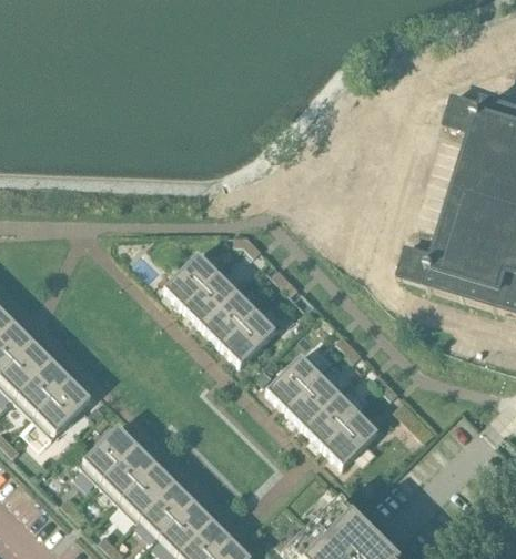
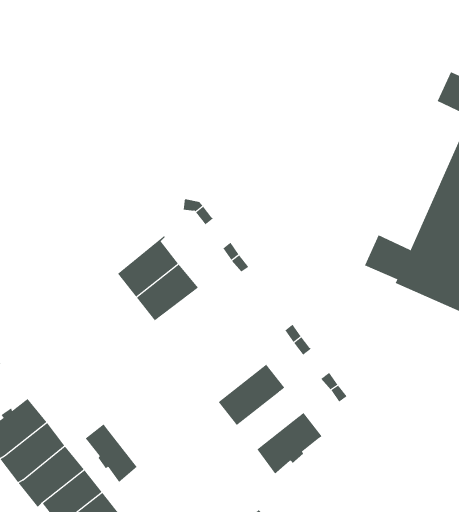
building: [165,250,222,307] -> none
building: [222,311,276,365] -> none
building: [267,352,325,409] -> none
building: [305,394,360,447] -> none
building: none -> [85,424,138,483]

